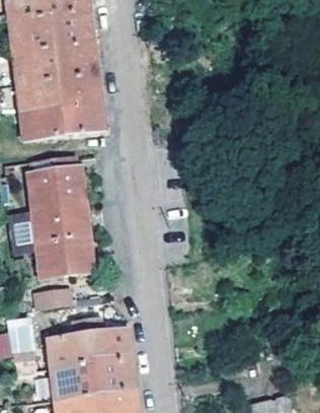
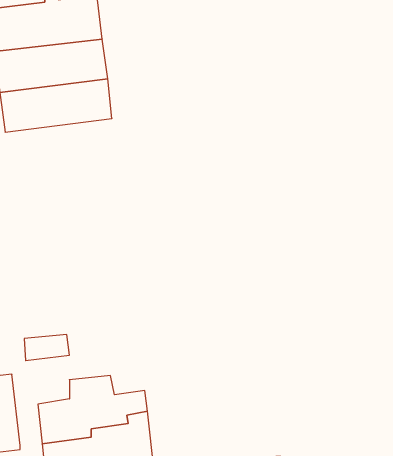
building: [25,163,90,275] -> none

